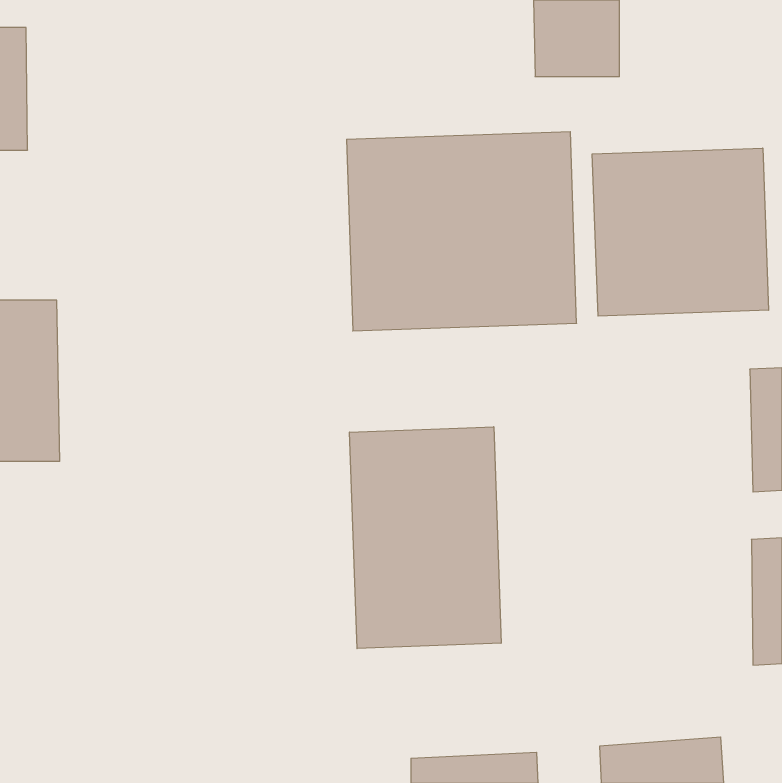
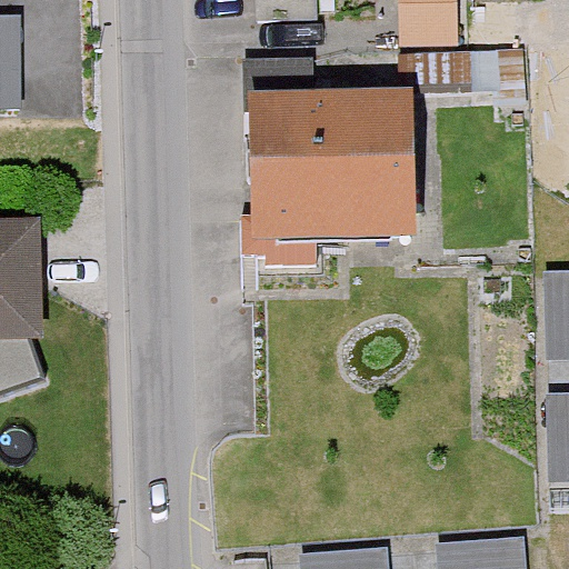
building: [592,148,769,316] -> none
building: [350,427,501,649] -> none

